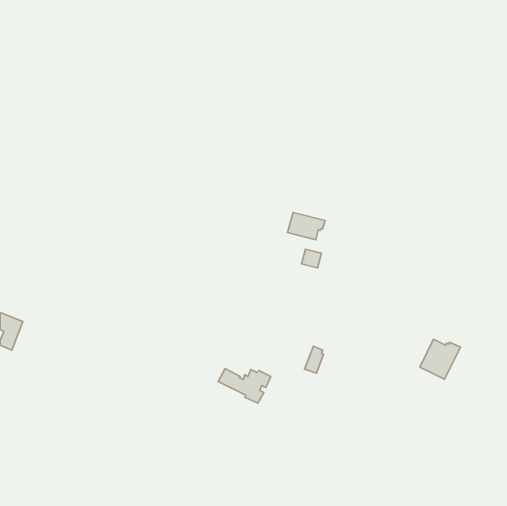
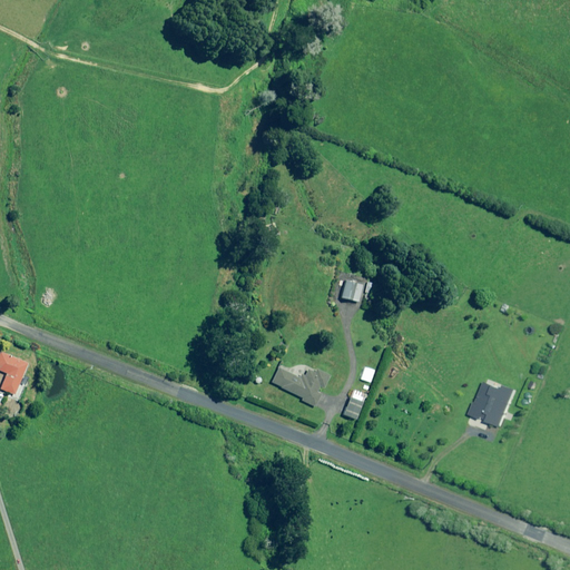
building: [288,212,325,240] -> none
building: [218,369,271,403] -> [269,366,328,405]

